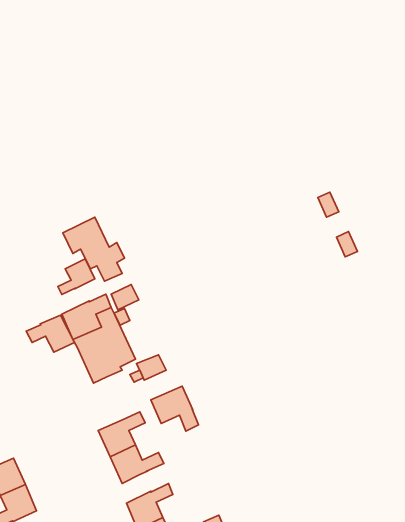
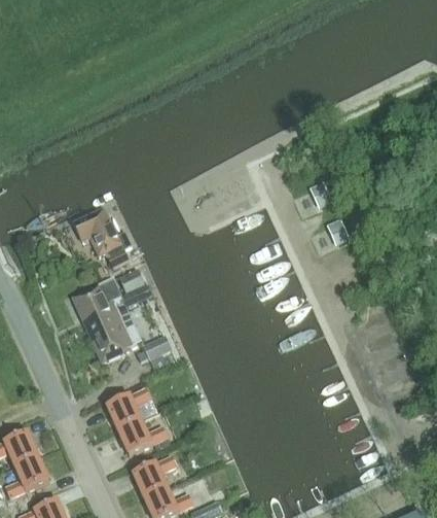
building: [58,259,95,294] -> none
building: [26,315,74,352] -> none
building: [151,386,199,431] -> none

